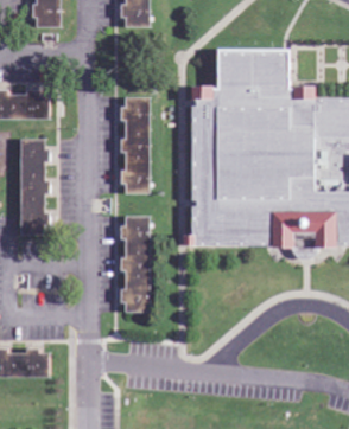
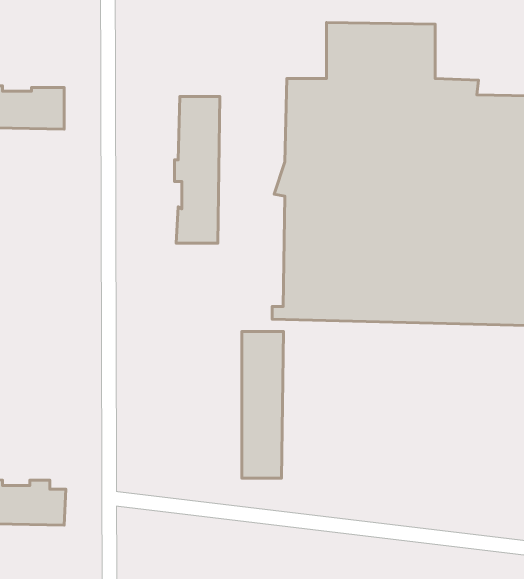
building: [17,139,44,235] -> none
building: [121,216,148,312] -> [242,332,283,478]

